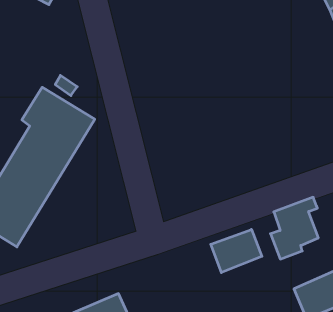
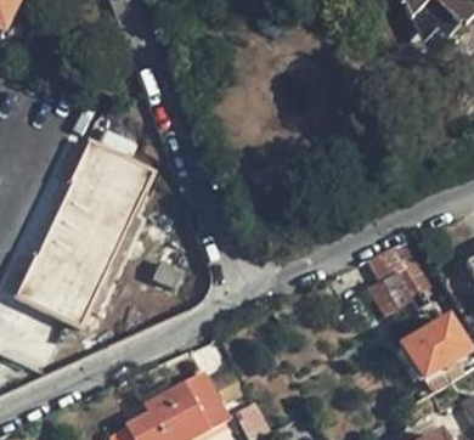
building: [211,229,262,273] -> none

